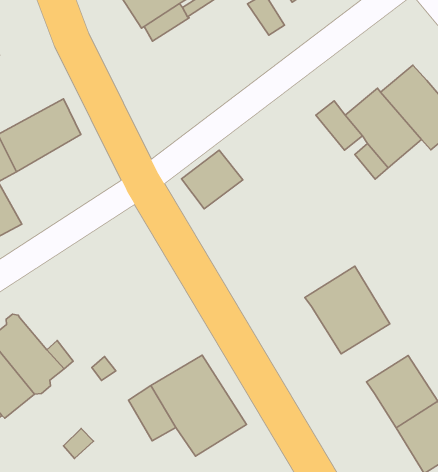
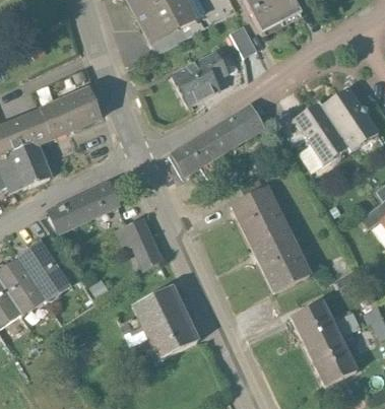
building: none -> [170,51,228,108]
building: none -> [199,104,265,159]
building: none -> [230,187,290,250]
building: none -> [49,181,118,233]
building: none -> [116,217,162,266]

